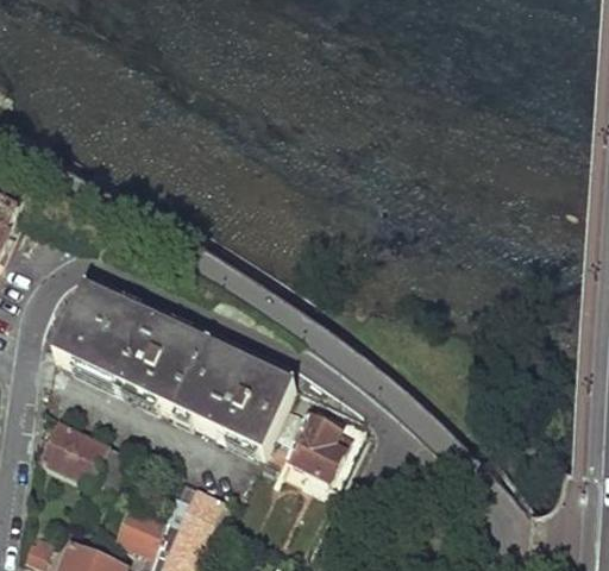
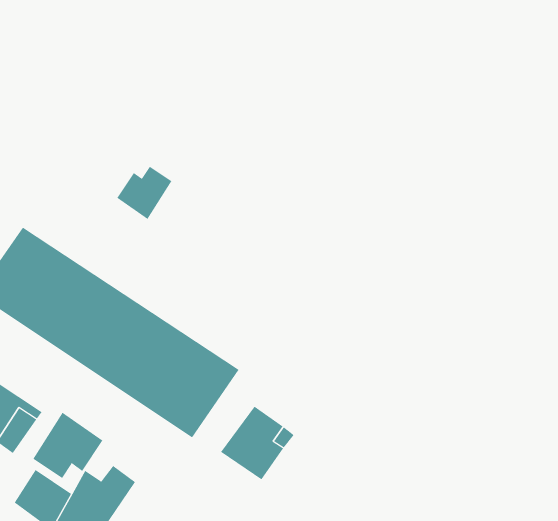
building: none -> [116,166,172,220]
building: none -> [33,412,103,479]

